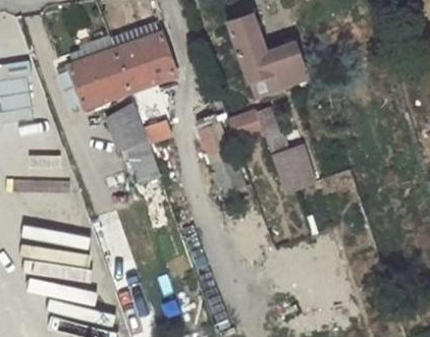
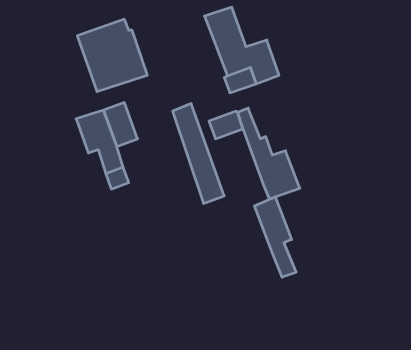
building: [59,37,128,111] -> none
building: none -> [254,197,296,277]

